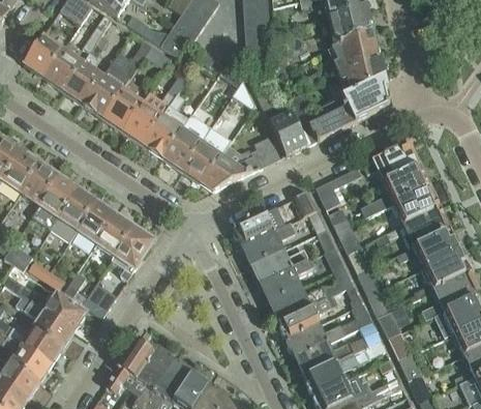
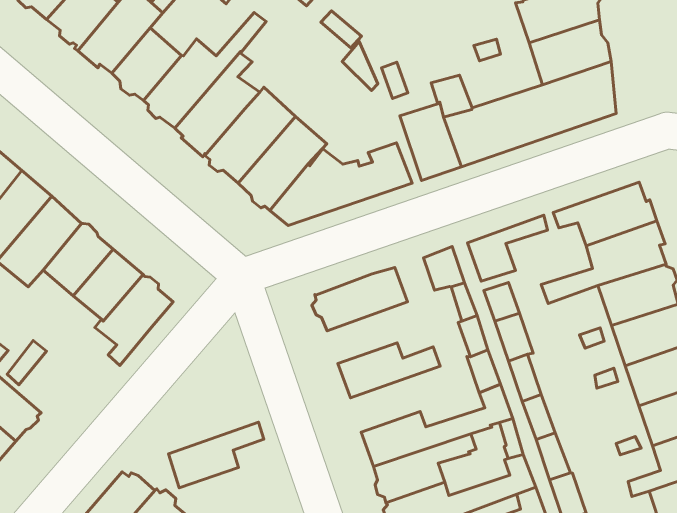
building: [242,224,295,265] -> none
building: [260,260,312,302] -> [169,422,264,488]
building: [82,282,117,317] -> none

